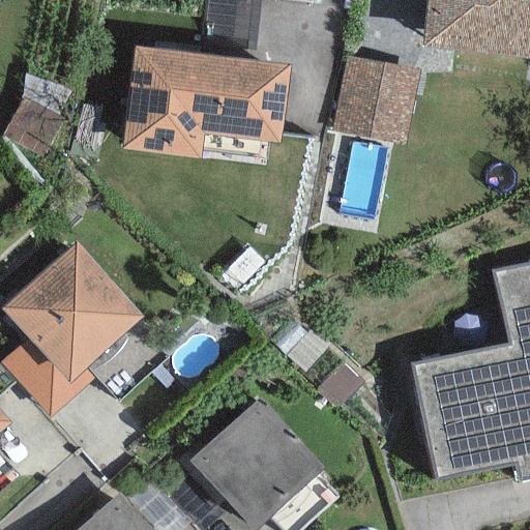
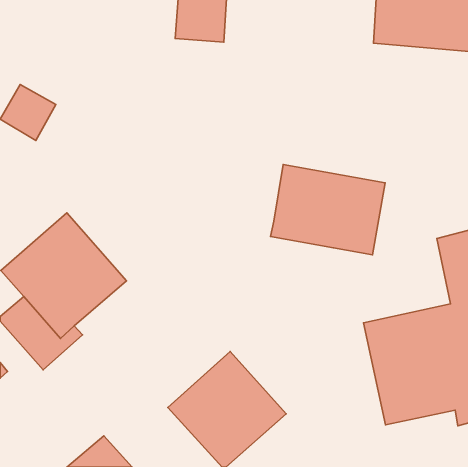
building: [122,47,290,156] -> none
building: [332,55,419,141] -> none
building: none -> [271,164,385,255]

